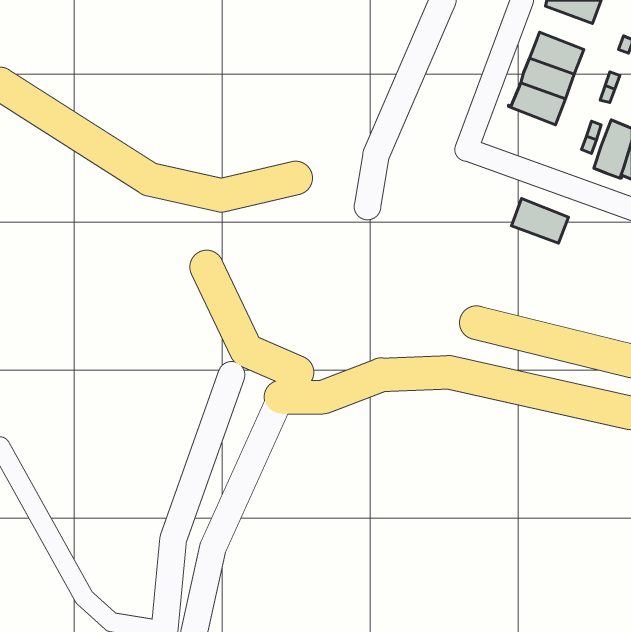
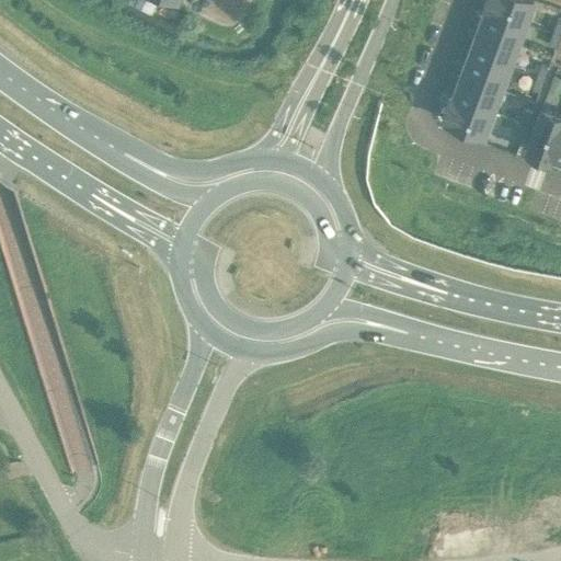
building: none -> [479,5,526,44]
building: [512,199,568,243] -> [443,94,493,134]

